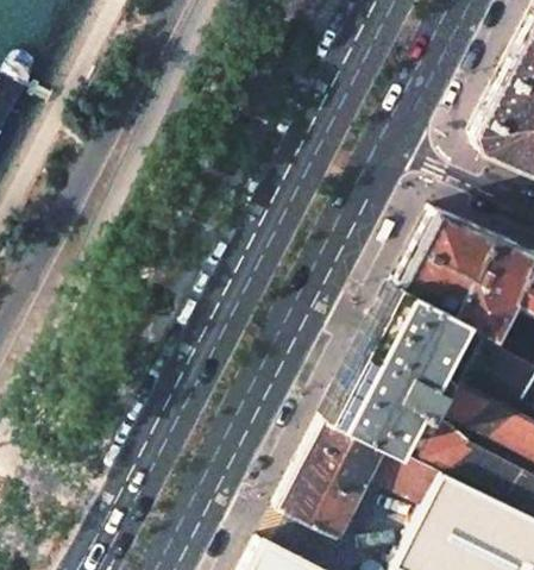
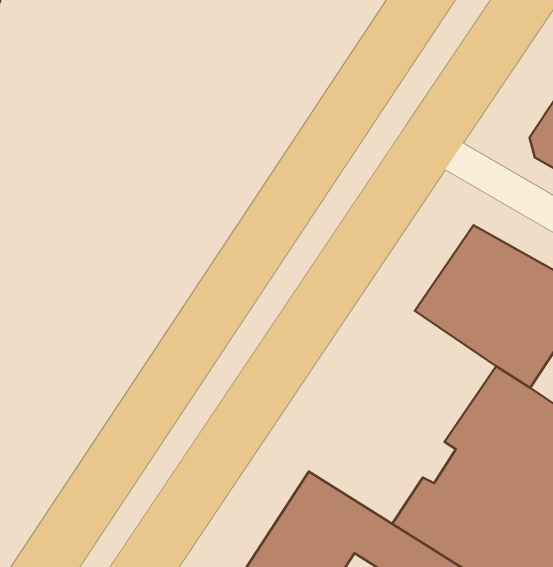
building: [327,283,466,453] -> none

